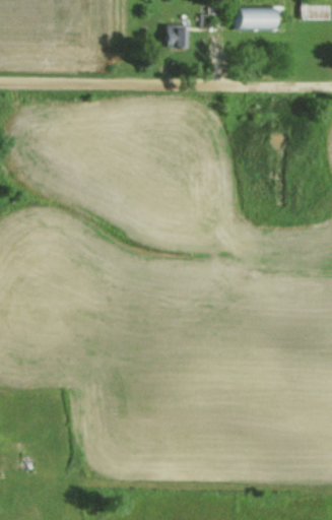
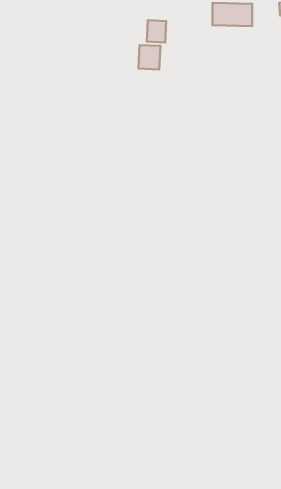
building: none -> [138,45,160,69]

